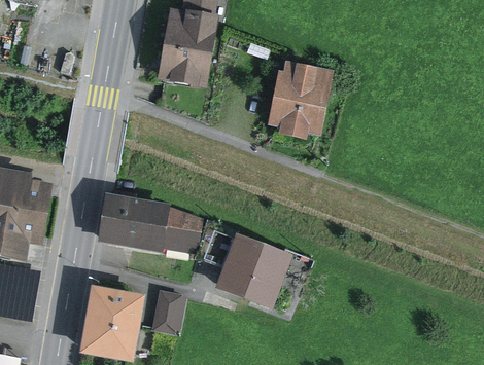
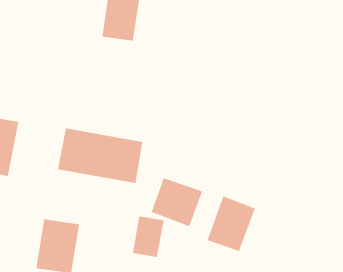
building: [268,68,324,137] -> none
building: none -> [207,196,256,252]
building: [146,289,184,338] -> [132,216,164,257]

